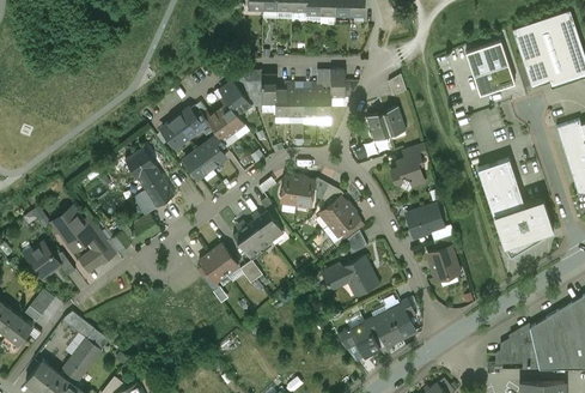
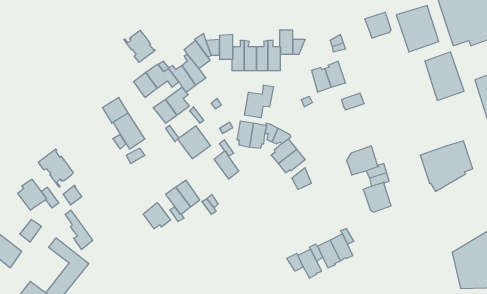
building: none -> [365,12,391,38]
building: none -> [124,30,155,62]
building: none -> [245,85,273,118]
building: [391,158,425,188] -> none
building: [479,159,524,216] -> [425,52,464,100]
building: [84,219,116,265] -> [65,210,93,249]
building: [233,220,272,259] -> [178,126,211,159]
building: [324,256,378,297] -> none
building: none -> [143,203,170,229]
building: [496,326,540,370] -> none

